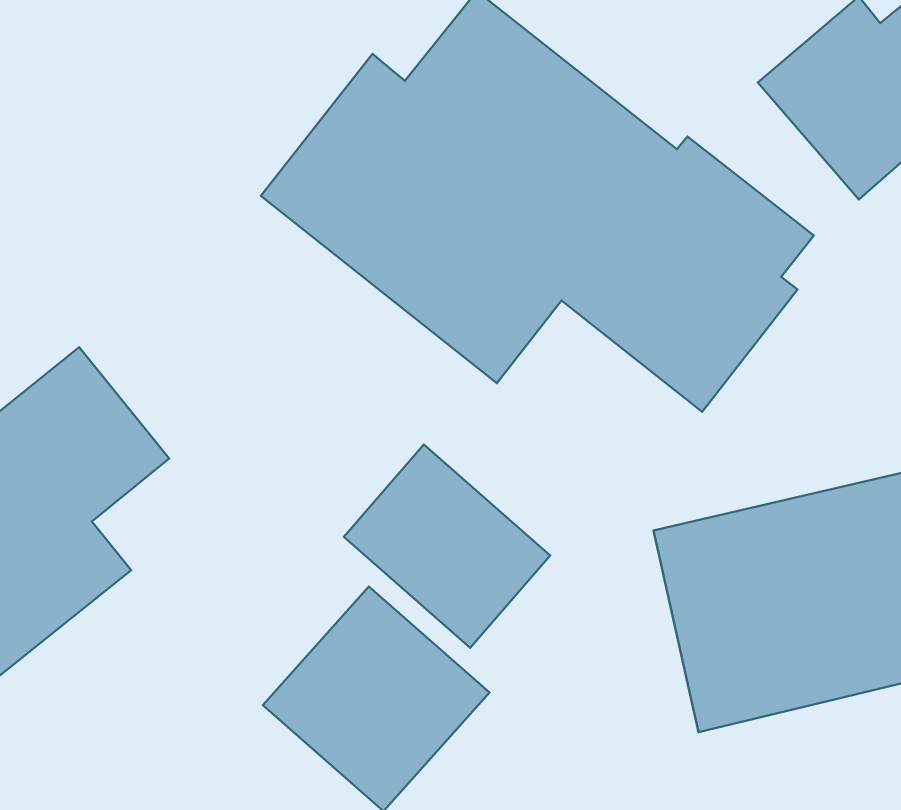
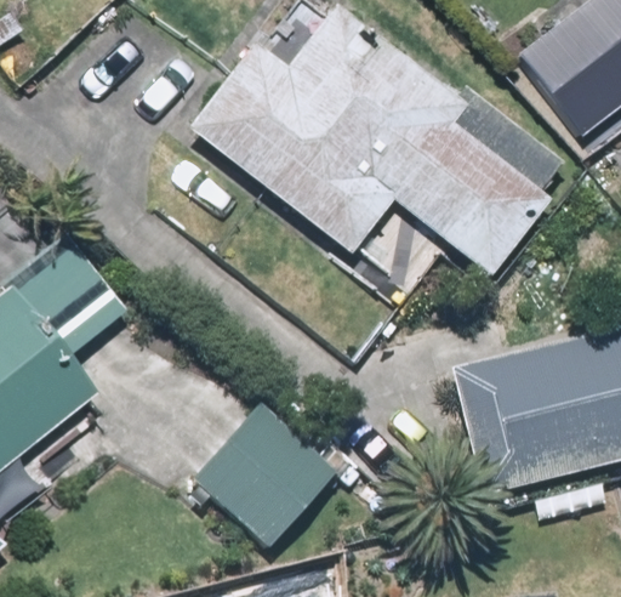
building: [344,444,550,648] -> none

